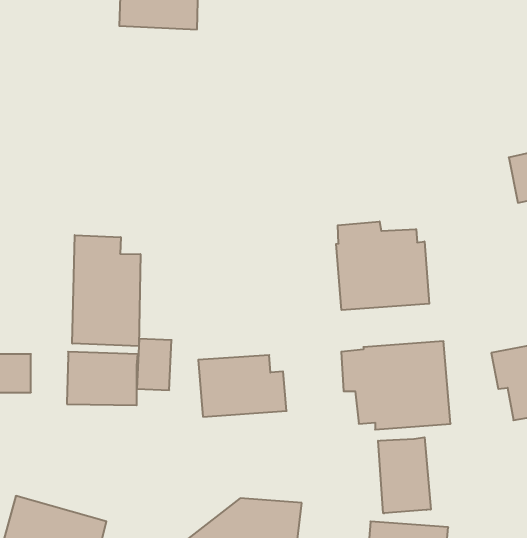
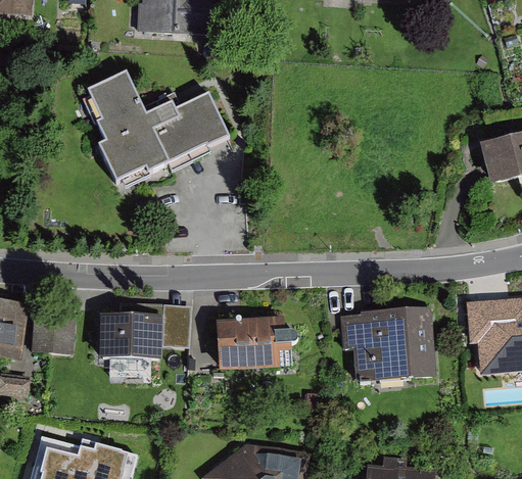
building: none -> [89,69,230,180]
building: [336,221,429,310] -> none
building: [72,235,140,346] -> none
building: [378,437,431,513] -> none

